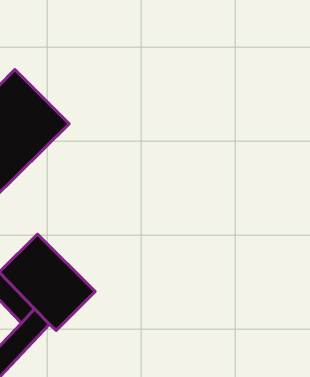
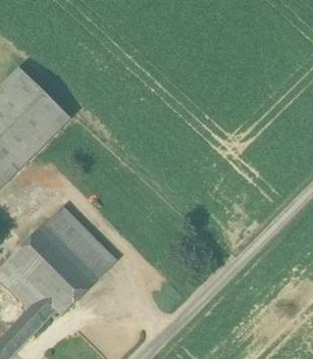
building: none -> [44,205,115,277]

